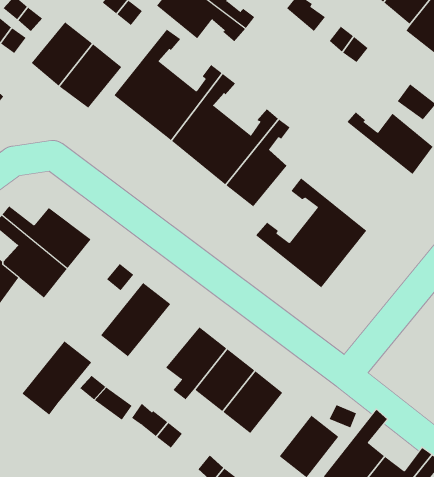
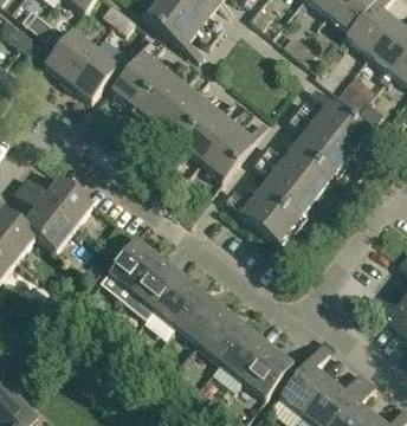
building: none -> [261,110,351,198]
building: [21,341,92,416] -> [123,257,180,317]
building: none -> [221,328,270,379]

